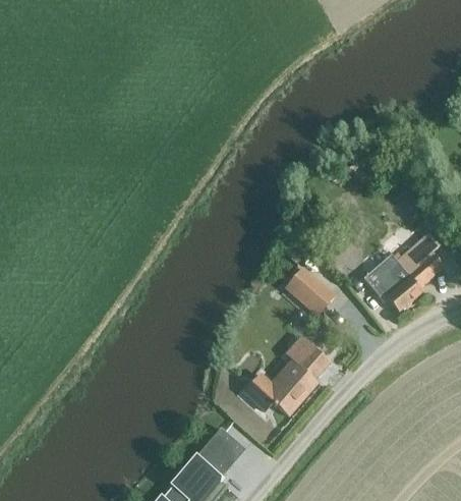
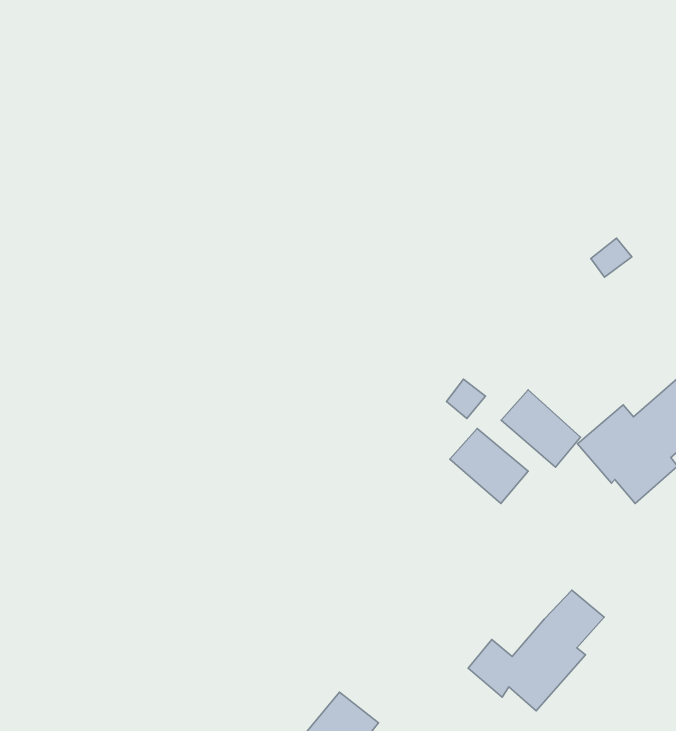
building: none -> [501,390,581,467]
building: [245,342,327,414] -> [468,590,604,711]

